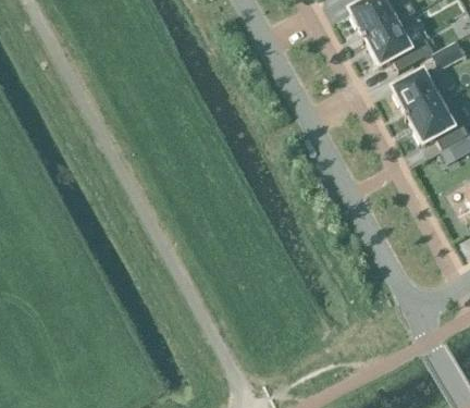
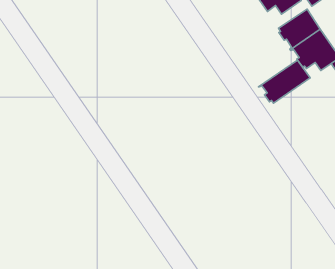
building: none -> [258,60,310,103]

